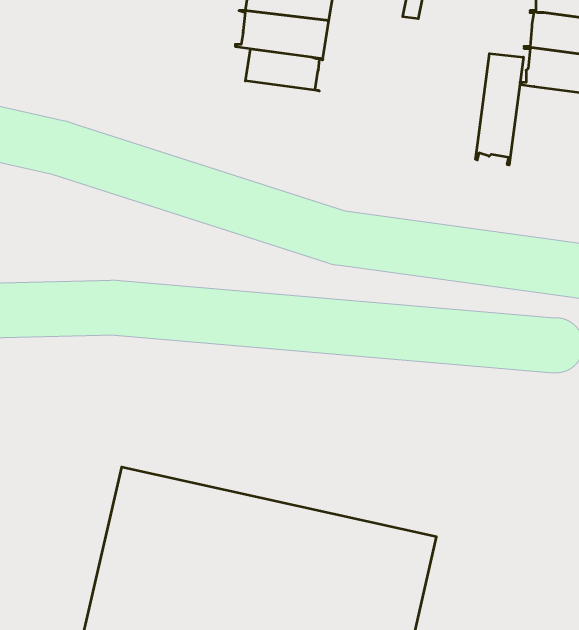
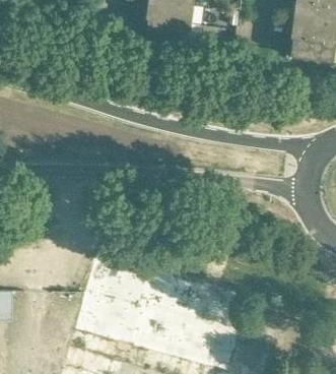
building: [245,49,323,91] -> none
building: [476,54,523,165] -> none

